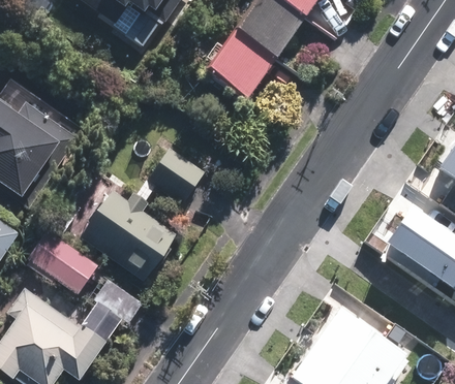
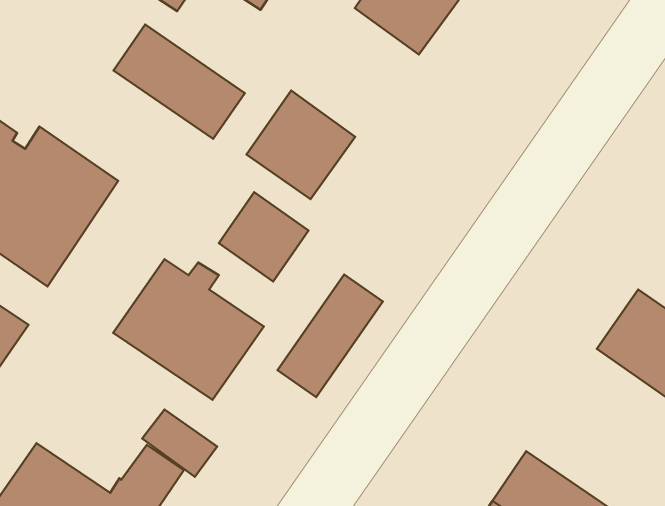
building: [202,24,272,94] -> [246,90,355,199]
building: none -> [113,25,245,139]
building: none -> [277,274,383,397]
building: [23,225,93,289] -> none

